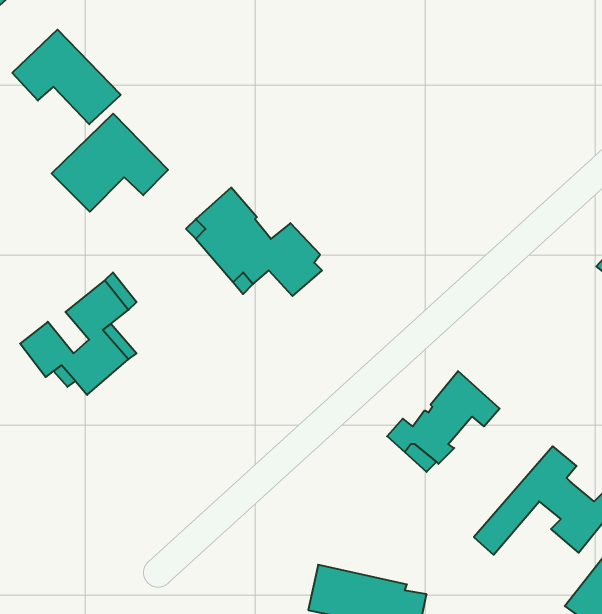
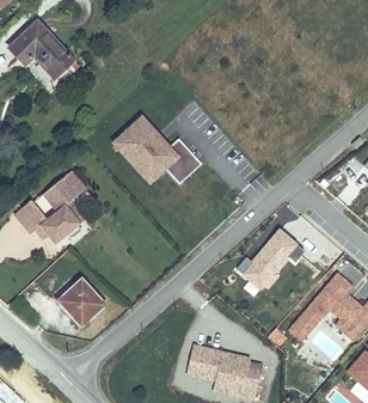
building: [52,114,168,212] -> none
building: none -> [57,279,105,326]

